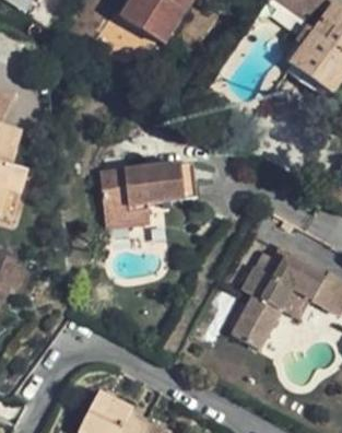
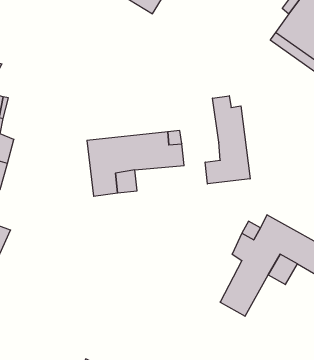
building: none -> [205,96,250,184]

